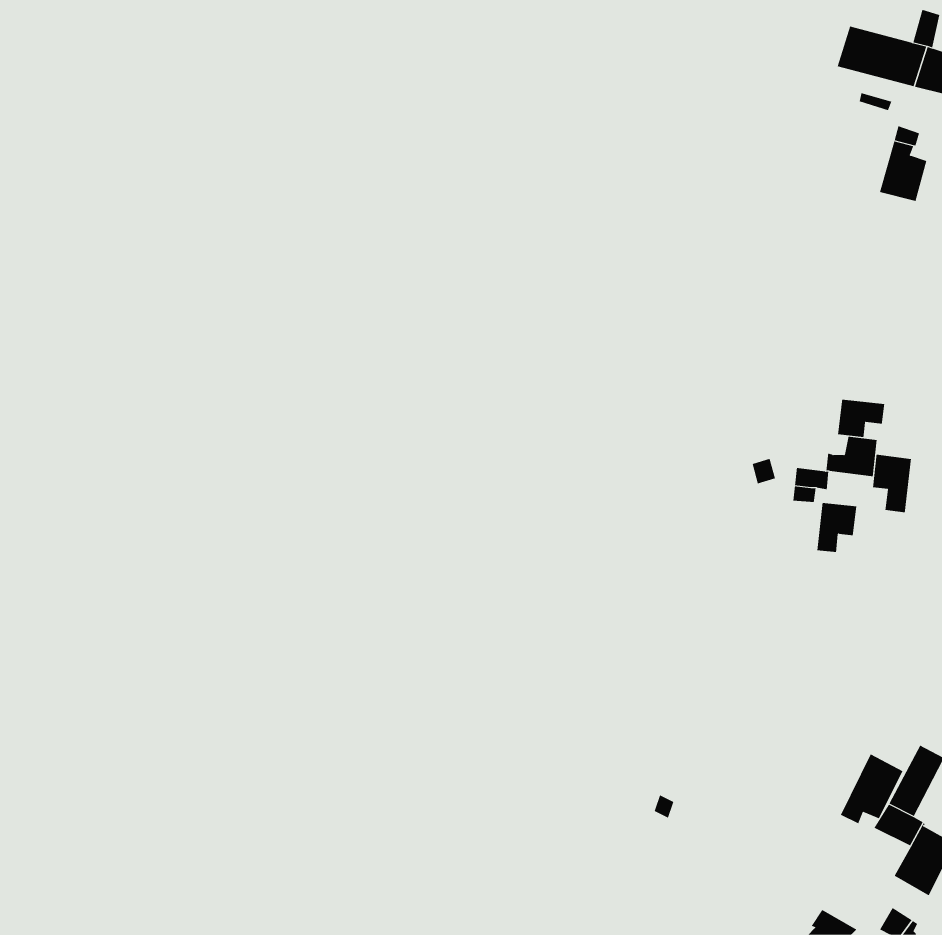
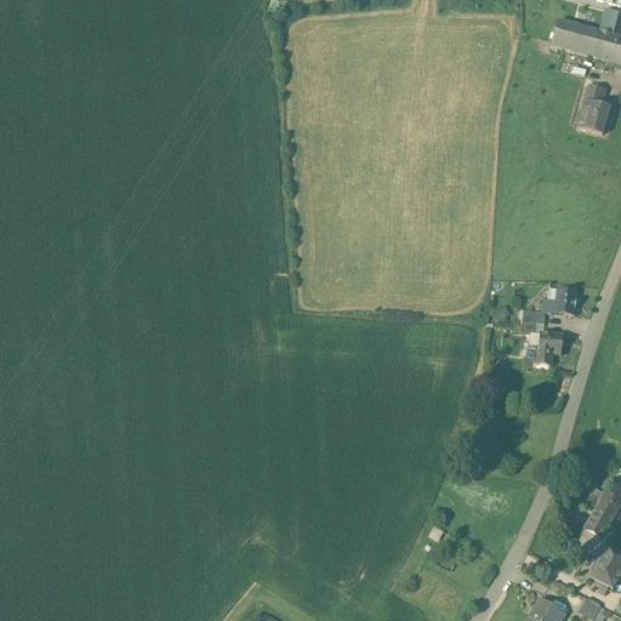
building: [837,399,885,438] -> none
building: [872,454,912,513] -> none
building: [840,753,903,824] -> none

